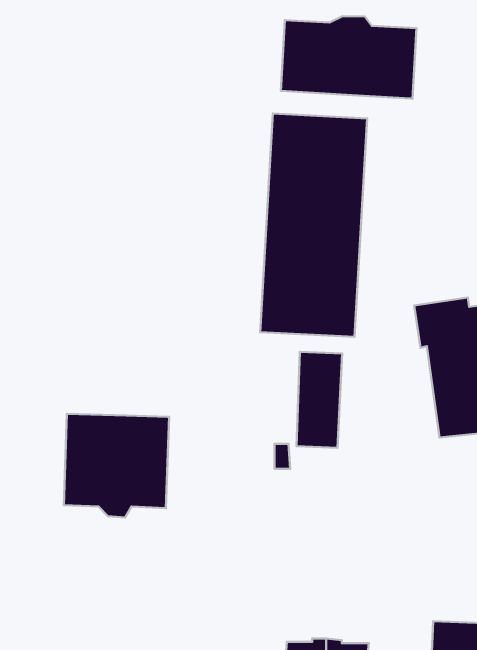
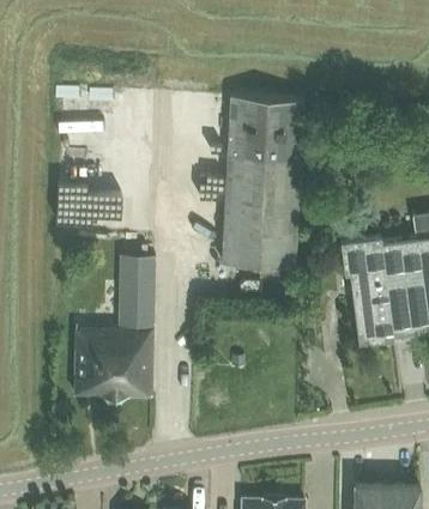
building: [281,16,416,99] -> none
building: [297,352,342,448] -> [120,255,155,328]

